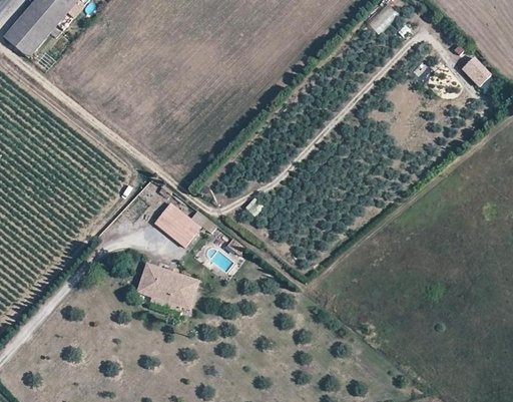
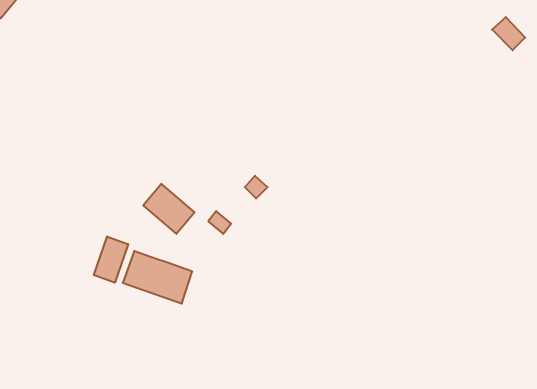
building: none -> [94,236,128,283]

